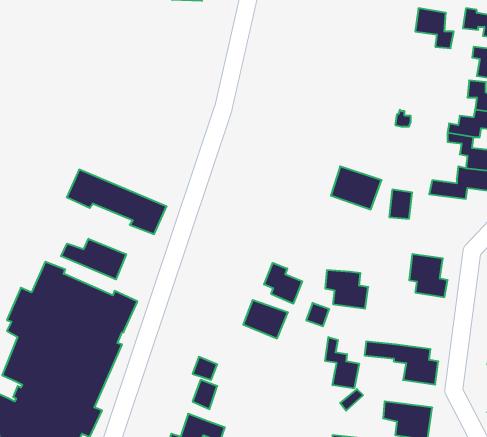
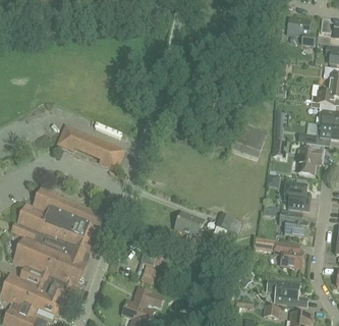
building: none -> [297,148,322,174]
building: [61,239,126,279] -> none
building: [264,263,302,304] -> none
building: [325,270,368,309] -> [279,211,307,236]
building: [325,337,359,388] -> none

